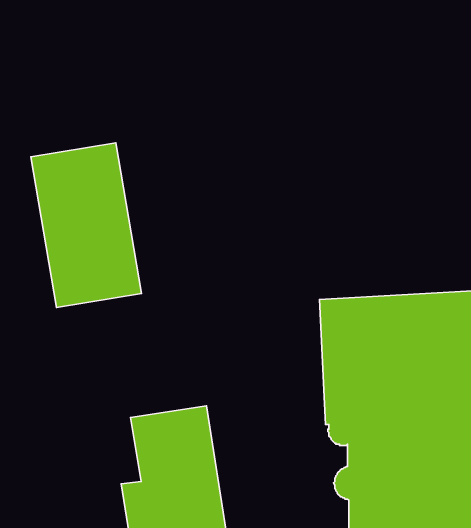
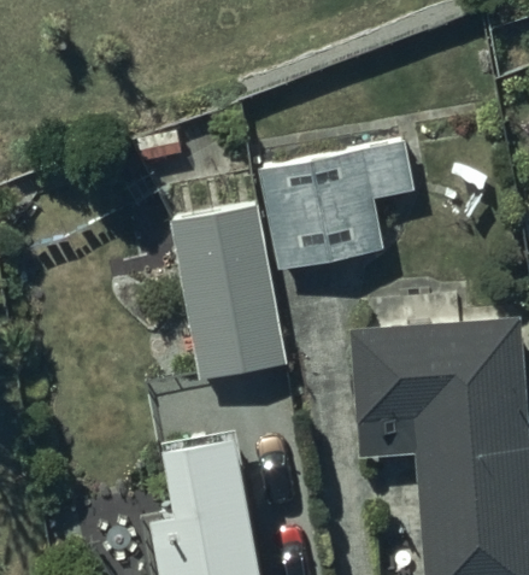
building: none -> [264,145,415,271]
building: [31,143,142,307] -> [175,206,289,376]

